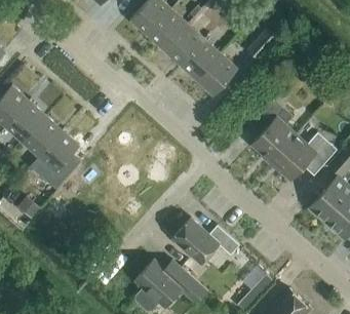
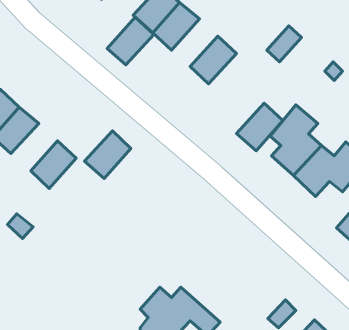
building: [163,24,204,66] -> [107,17,154,65]
building: [196,54,237,96] -> [236,103,283,151]
building: [22,116,63,158] -> [84,131,131,179]
building: [172,219,239,265] -> none

